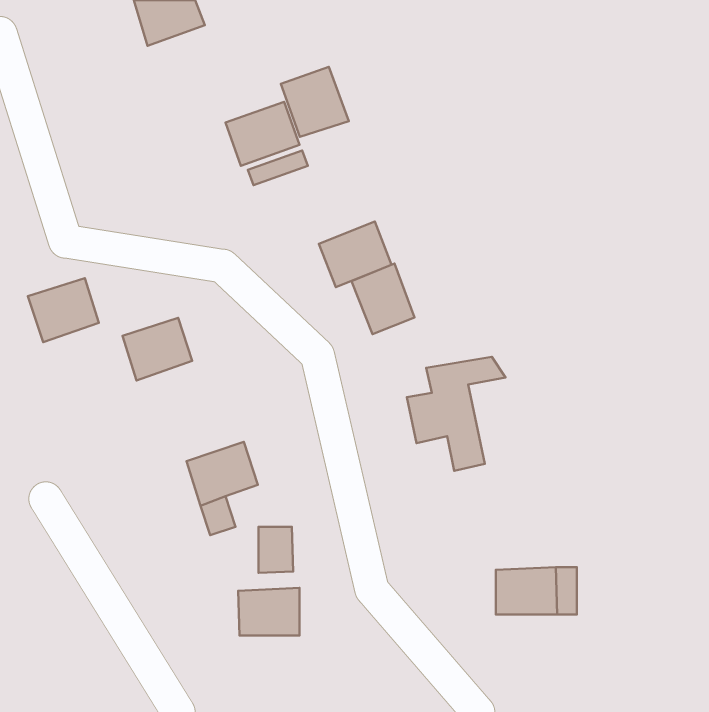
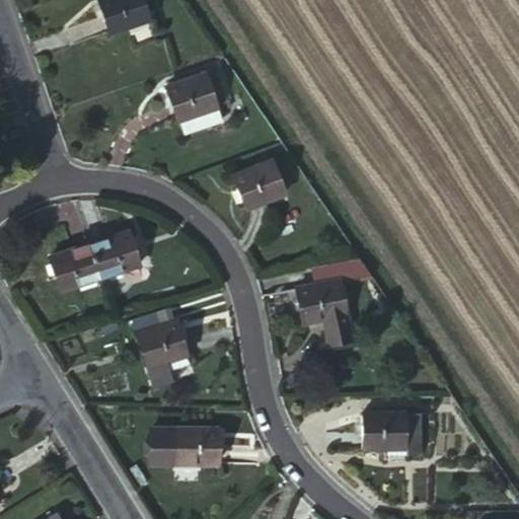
building: [281,67,349,137] -> none
building: [351,263,415,334] -> none
building: [28,278,99,342] -> [50,244,101,291]
building: [258,527,293,573] -> [151,430,176,463]

